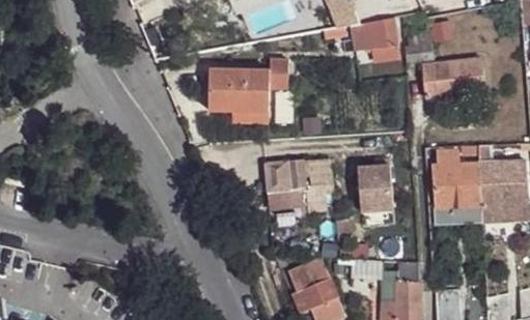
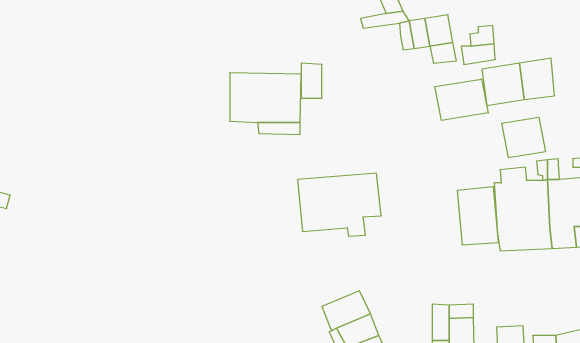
building: none -> [435,79,488,120]
building: none -> [502,117,545,158]
building: [359,164,394,213] -> [457,187,498,245]

